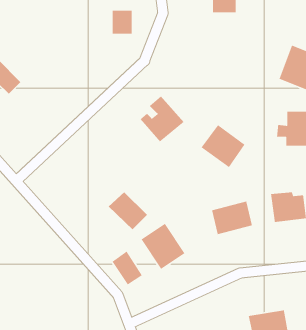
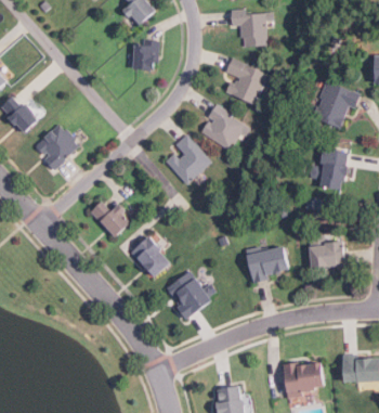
building: none -> [224,57,266,103]
building: none -> [32,122,79,169]
building: [201,124,245,168] -> [197,103,245,150]
building: none -> [90,199,133,237]
building: [112,251,143,286] -> none

